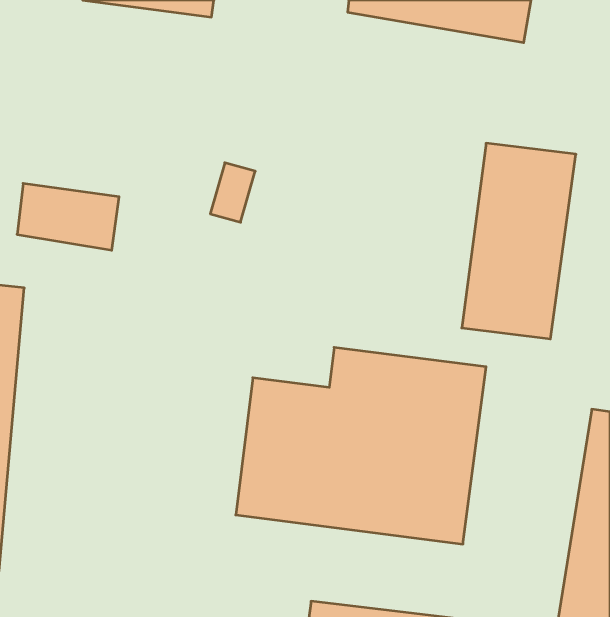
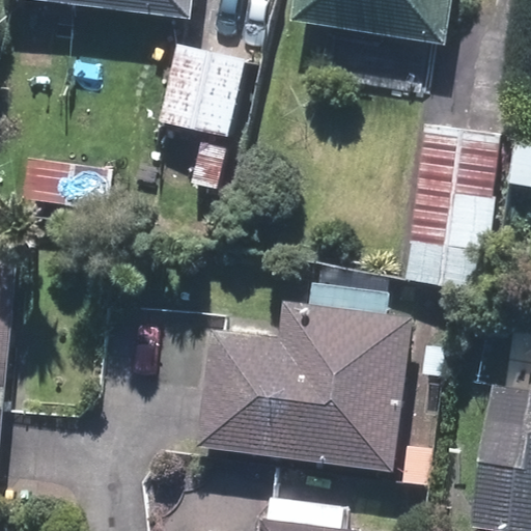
building: none -> [148,44,239,142]

